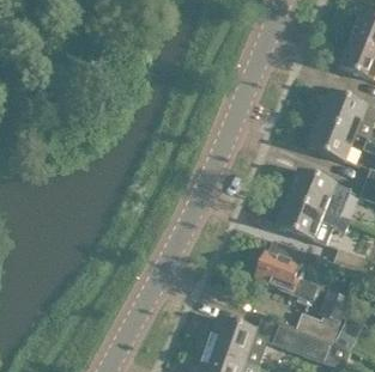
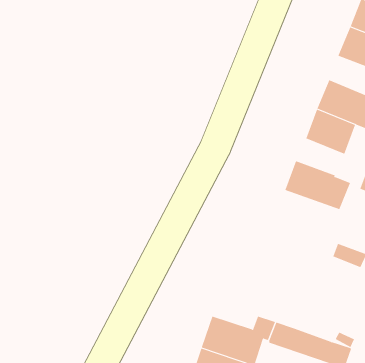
building: [277,195,351,238] -> none
building: [256,251,316,299] -> none
building: [297,289,350,342] -> none

